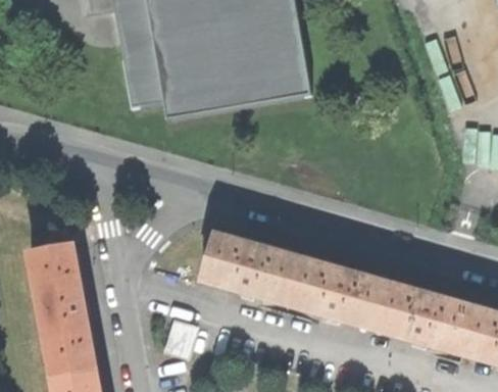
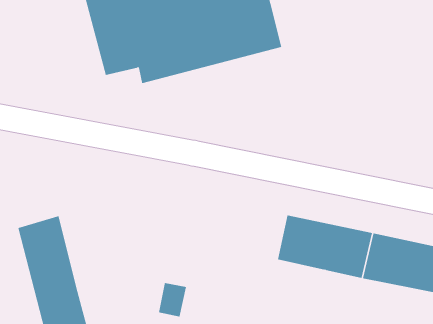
building: [203,233,303,302] -> none

